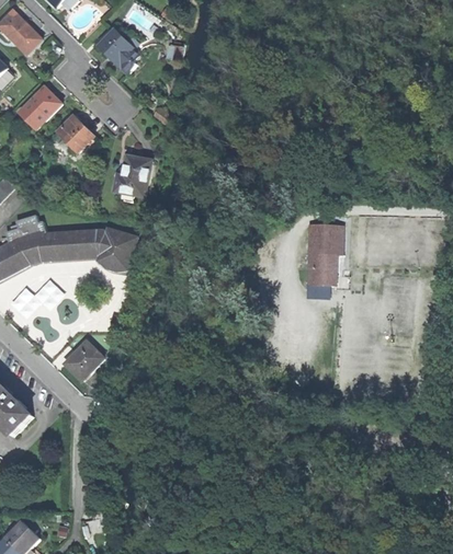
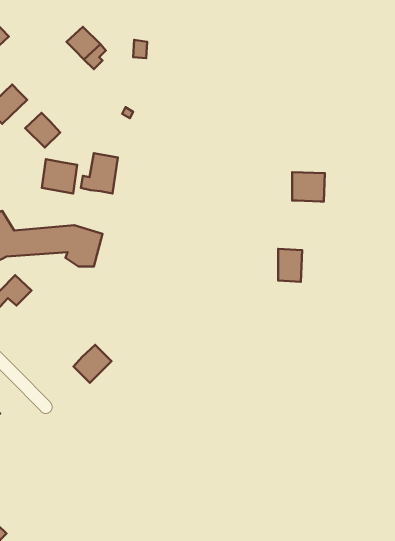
building: none -> [42,159,77,193]
building: [307,224,340,254] -> [292,172,325,201]
building: [65,343,103,381] -> [73,345,112,383]

